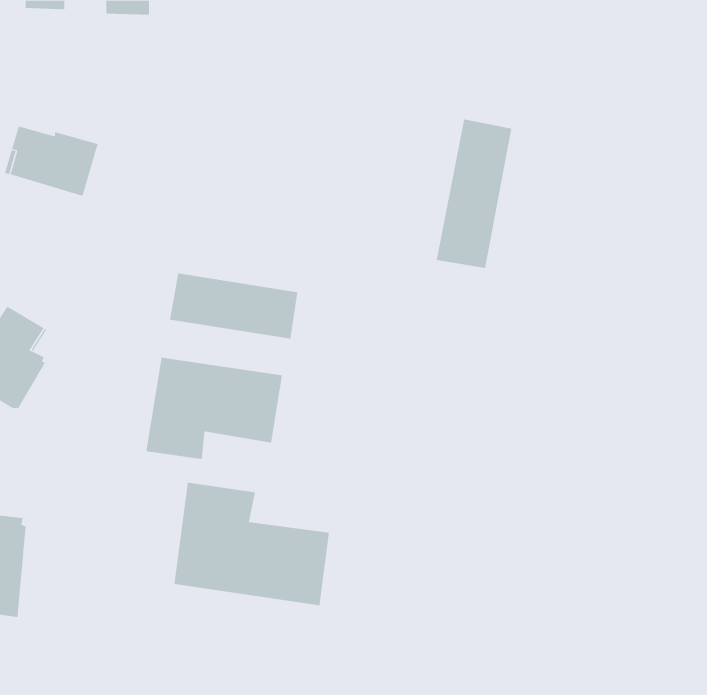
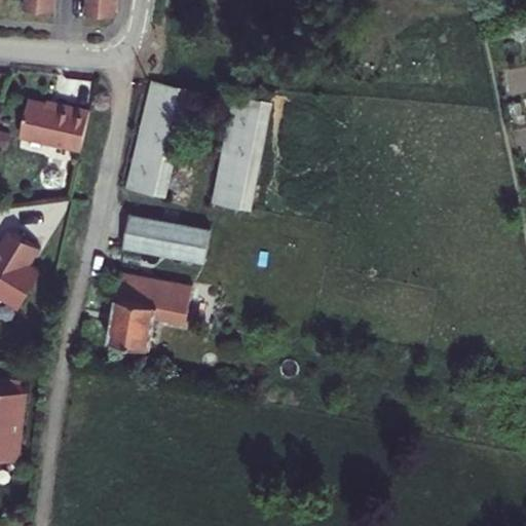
building: none -> [128,89,186,199]
building: [436,119,512,268] -> [213,96,269,206]
building: [174,482,329,606] -> none

